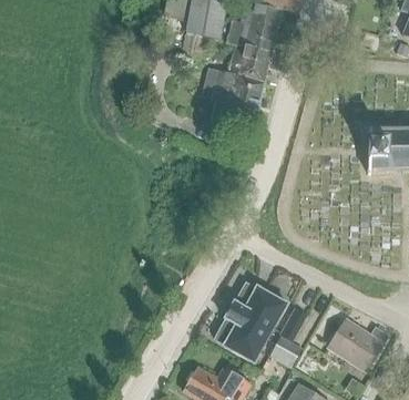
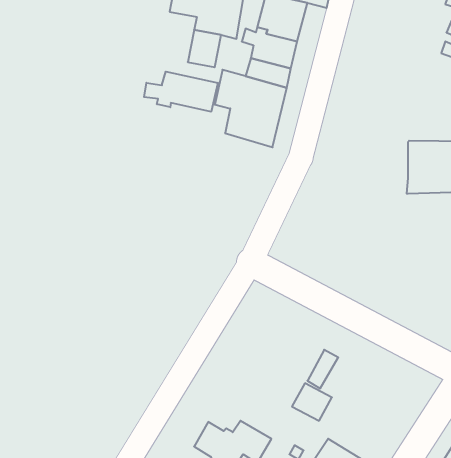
building: none -> [144,72,218,112]
building: [214,281,287,362] -> none
building: [328,318,389,370] -> none

